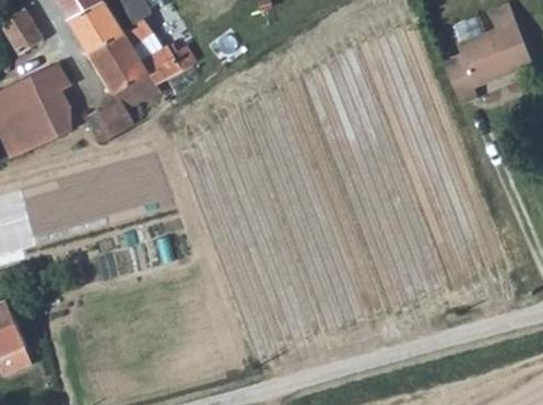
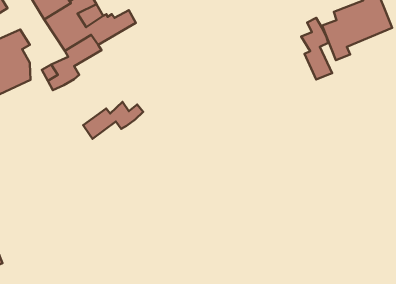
building: none -> [301,18,332,80]
building: none -> [83,102,143,139]

